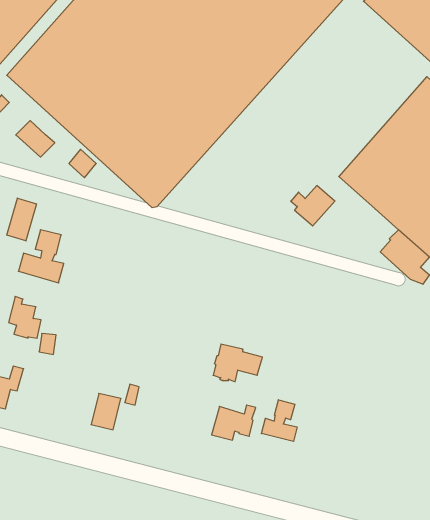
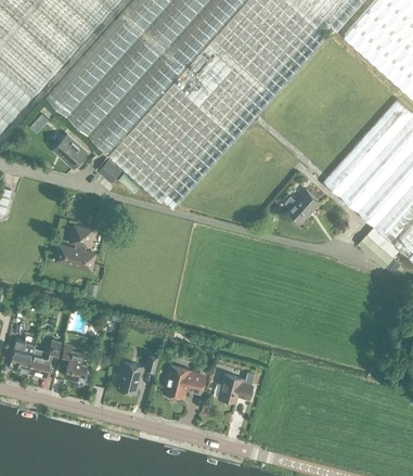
building: [7,198,37,241] -> none
building: [9,296,41,338] -> [60,343,87,377]
building: [213,344,262,382] -> [164,365,205,397]
building: [261,400,297,441] -> none

